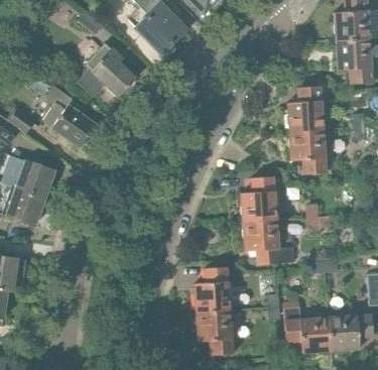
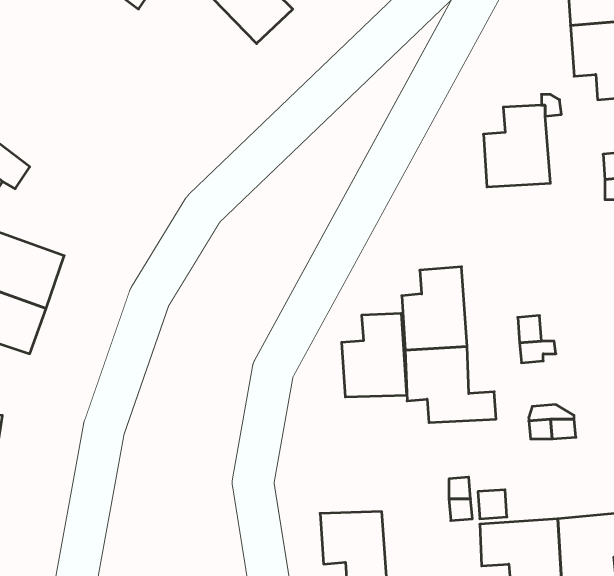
building: [80,48,135,96] -> none
building: [44,87,96,146] -> none
building: [288,130,327,175] -> none
building: [194,267,230,314] -> [342,313,407,397]

